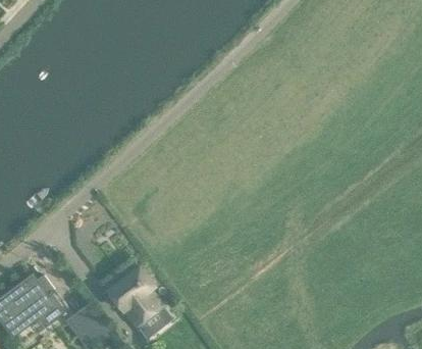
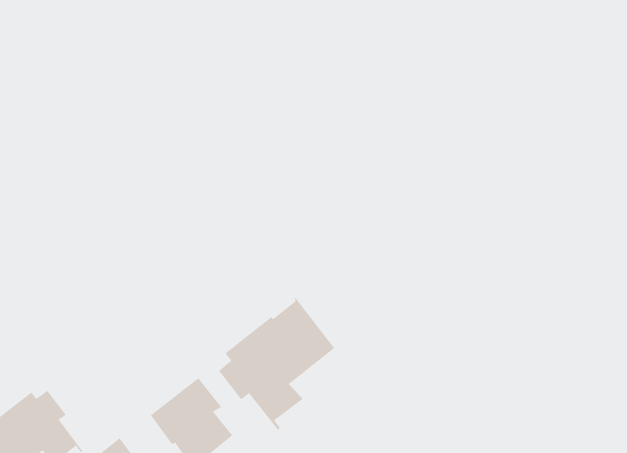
building: none -> [218,297,335,431]

